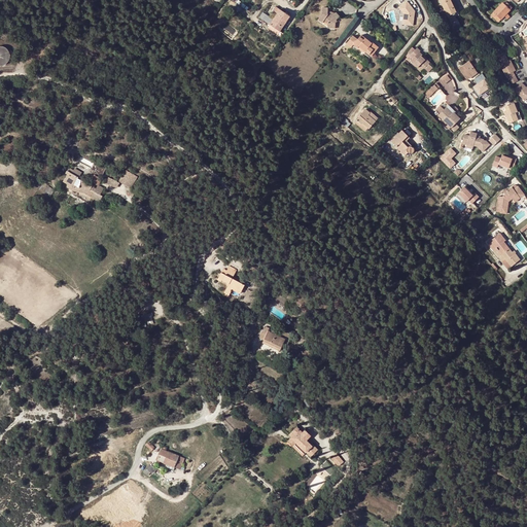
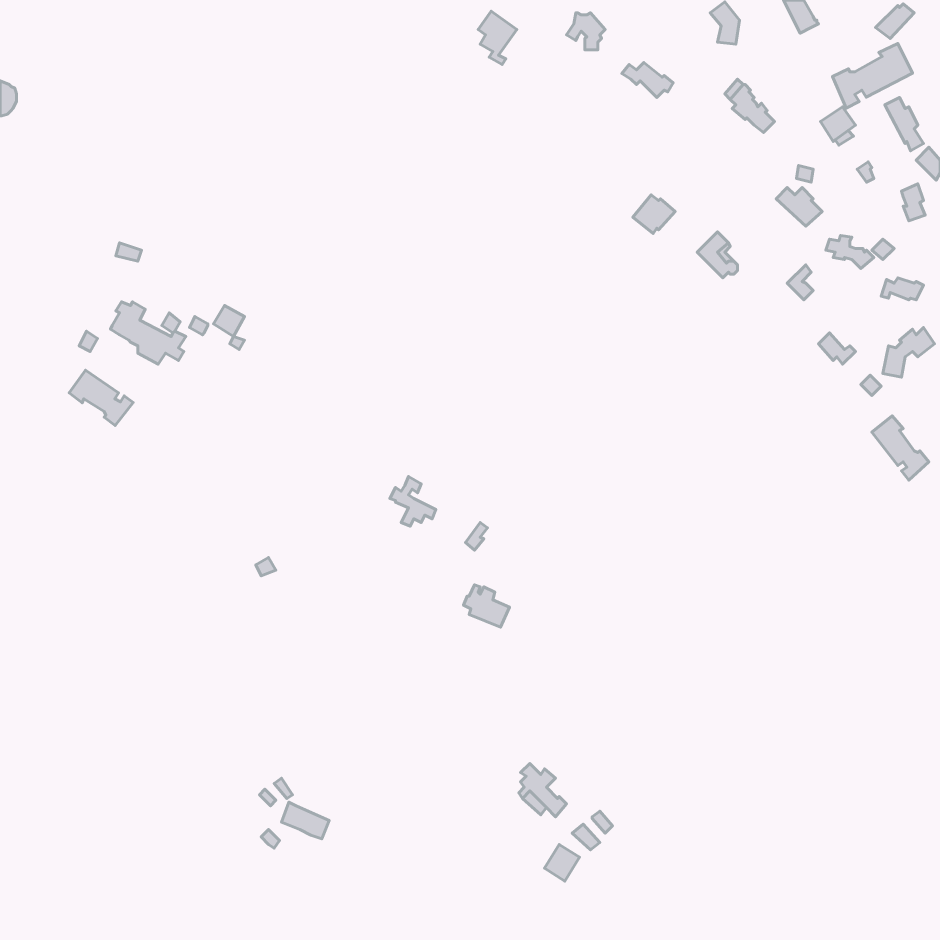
building: none -> [833,44,912,108]
building: none -> [69,370,133,425]

